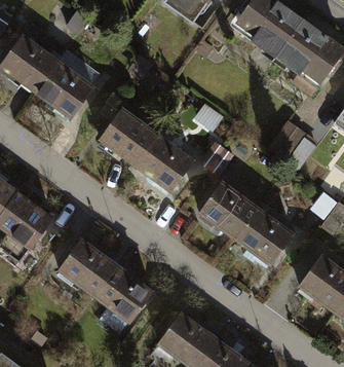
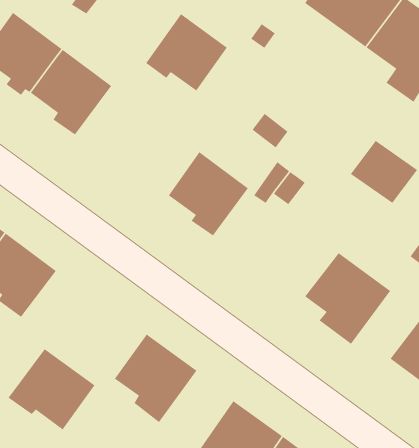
building: [97,108,156,164] -> [145,13,228,92]
building: [193,179,257,237] -> none
building: [54,237,118,297] -> [7,348,96,431]

